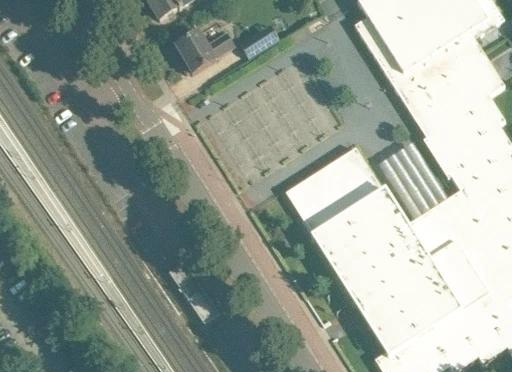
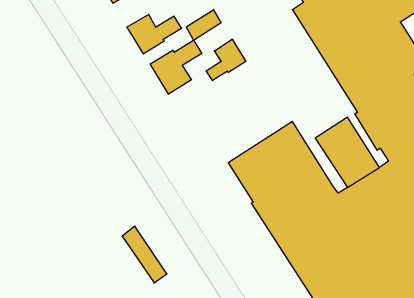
building: none -> [206,39,246,81]
building: none -> [150,40,202,94]

